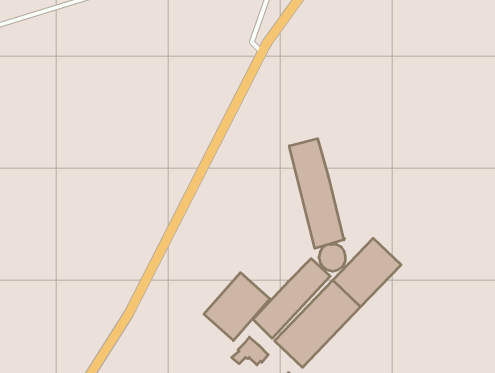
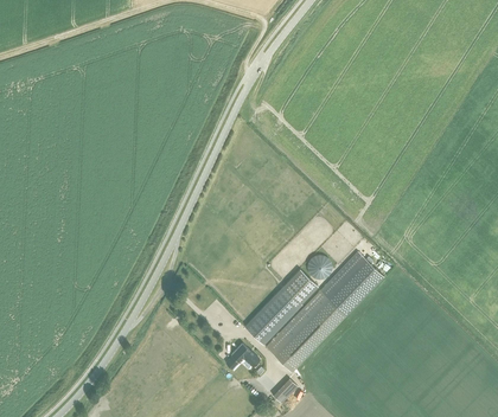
building: [289,139,345,248] -> none
building: [204,273,270,341] -> none

